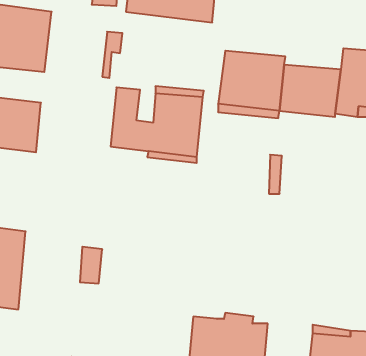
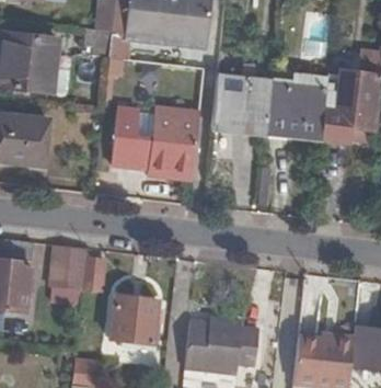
building: none -> [49,244,86,292]
building: none -> [109,296,158,345]

